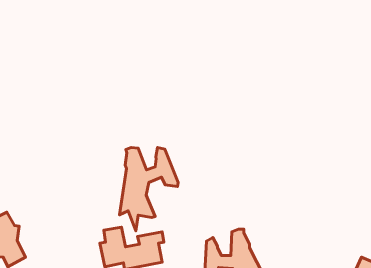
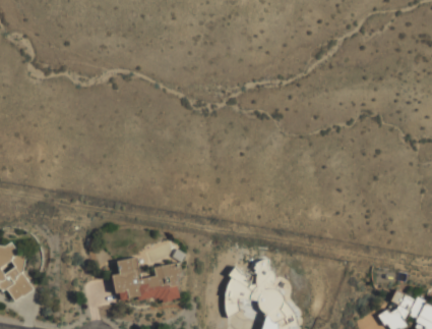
building: [120,148,178,231] -> none

